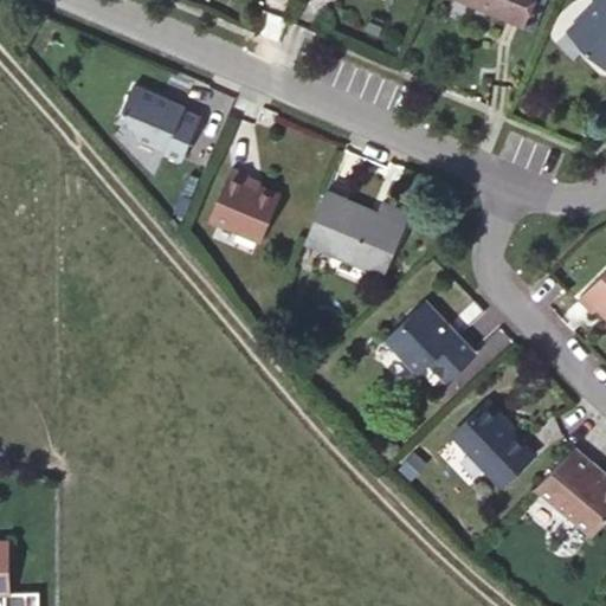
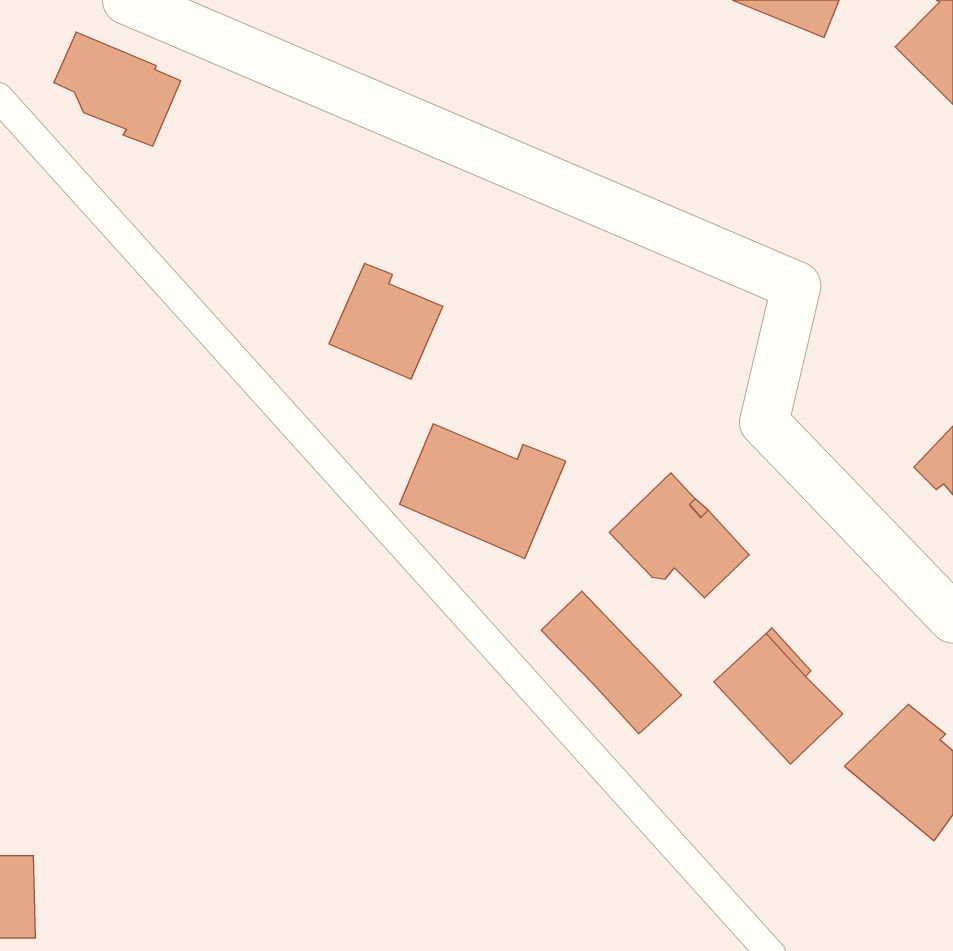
building: [120,88,200,160] -> [54,32,181,146]
building: [304,192,410,277] -> [400,424,566,558]
building: none -> [541,591,682,734]

